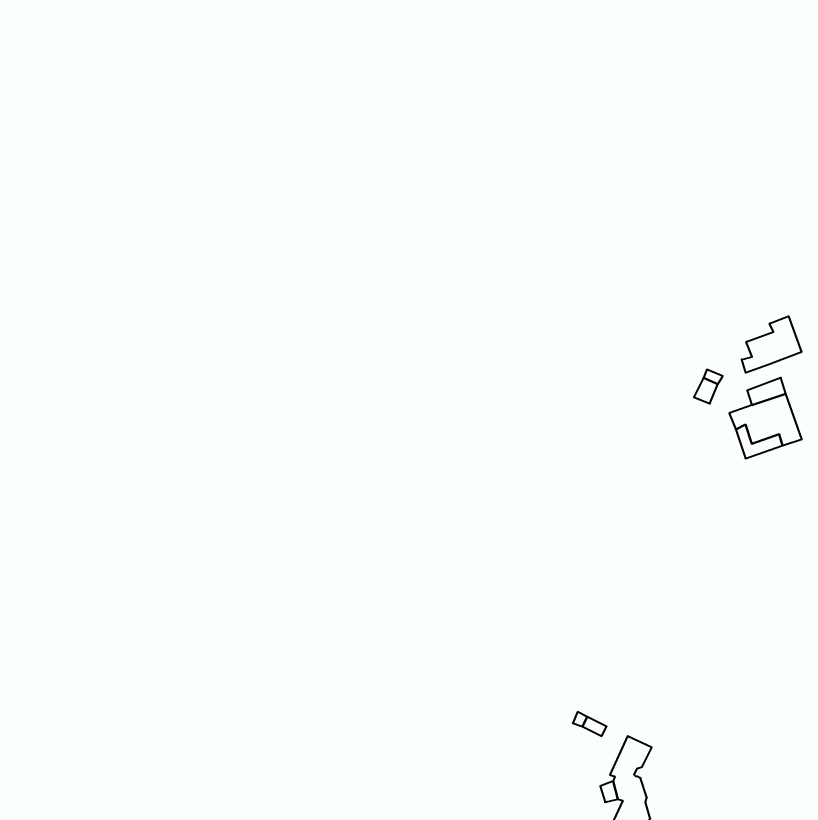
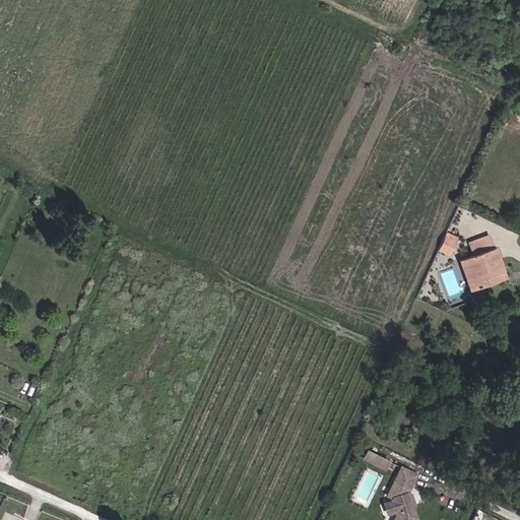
building: [742,316,801,373] -> none

